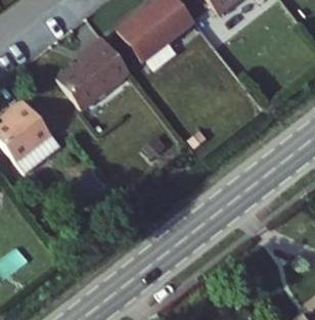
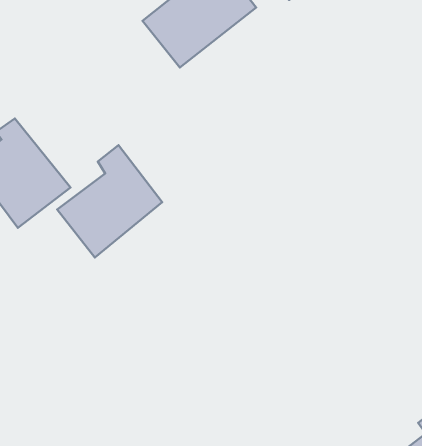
building: [63,34,135,110] -> [57,145,162,258]

